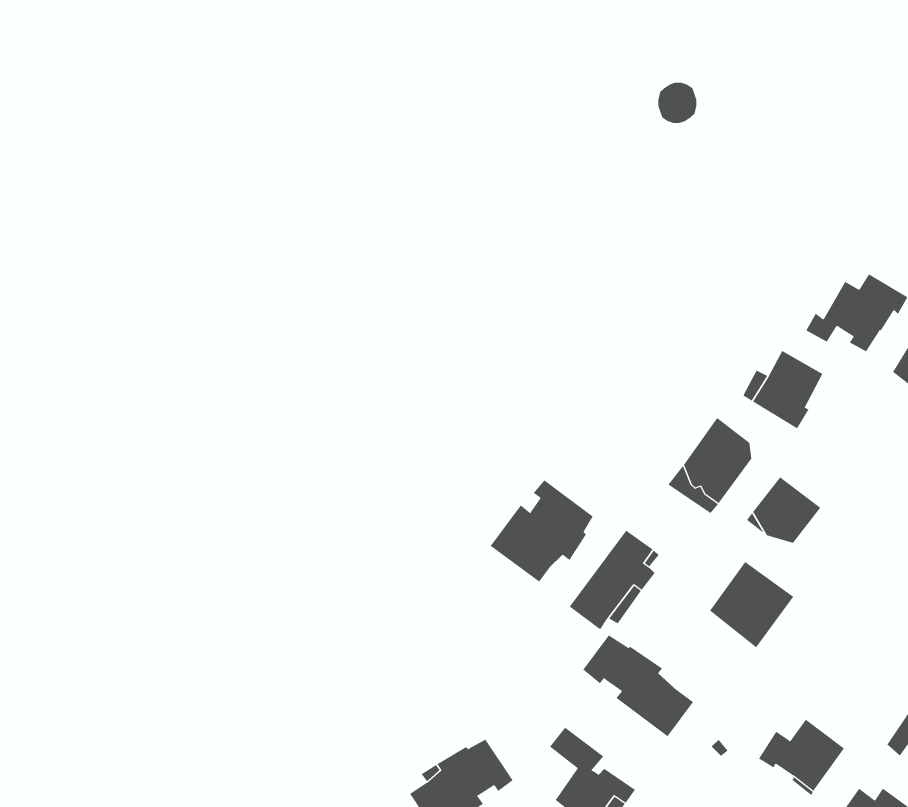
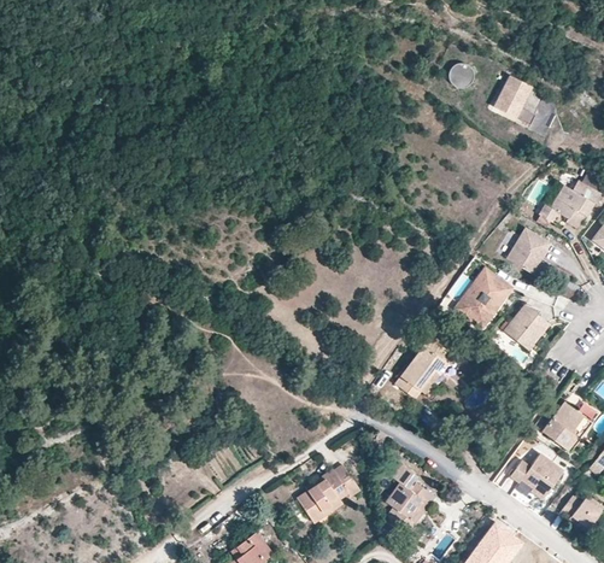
building: none -> [493,75,535,124]
building: [490,480,594,583] -> none
building: [709,561,794,648] -> [543,400,594,453]
building: [583,635,694,737] -> none

